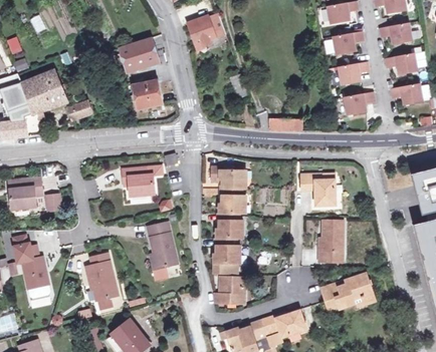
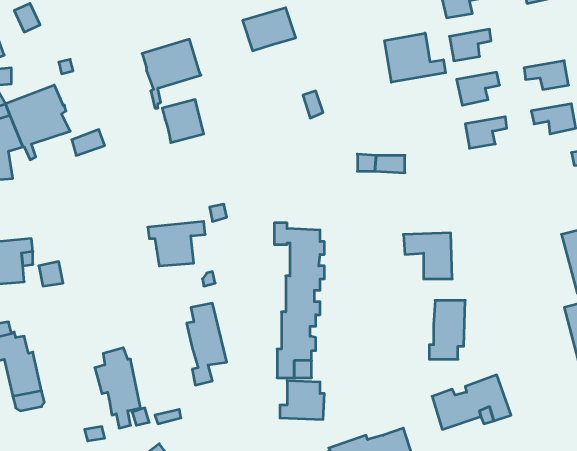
building: [379,22,411,42] -> none
building: none -> [385,33,446,82]

